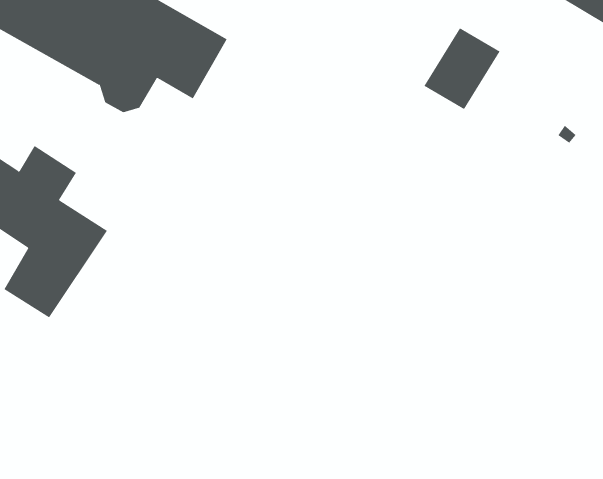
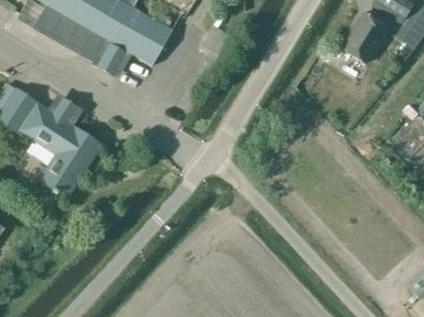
building: [423,28,500,110] -> [341,12,387,62]

